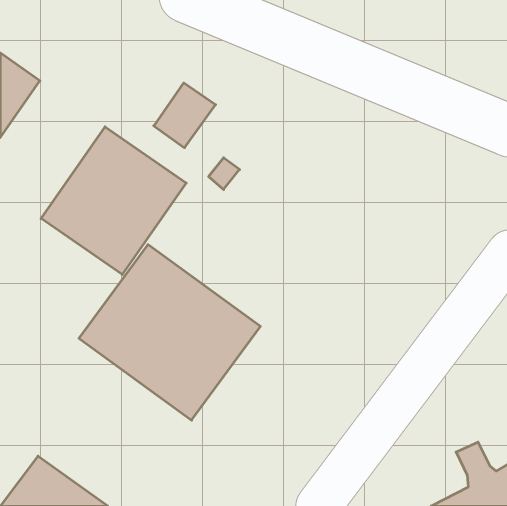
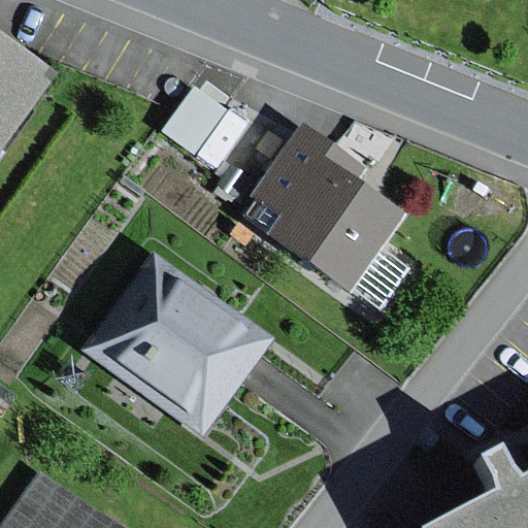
building: none -> [250,127,403,297]
building: [41,127,186,275] -> none

